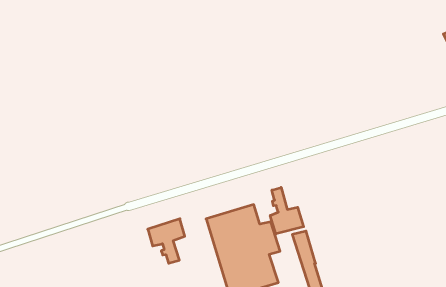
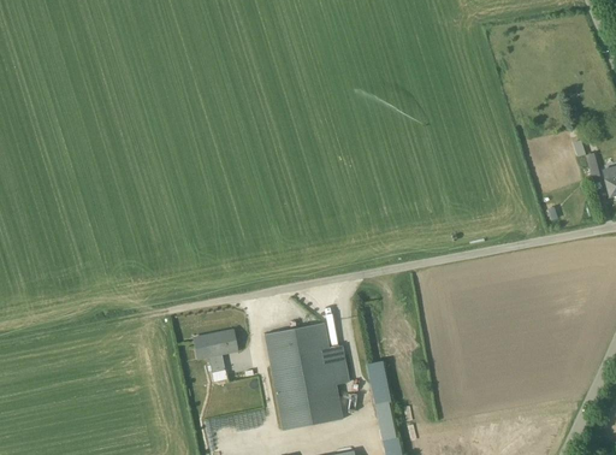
building: [270,187,304,234] -> none

